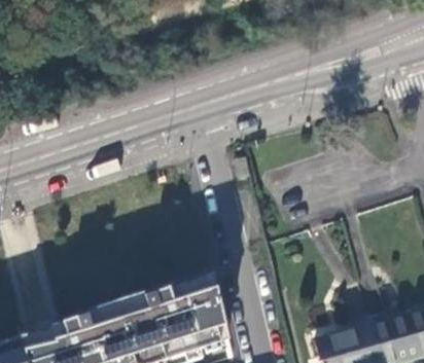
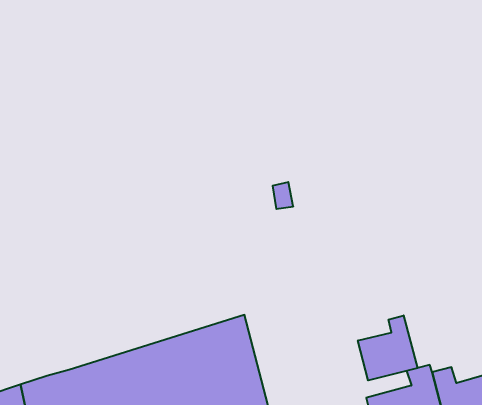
building: none -> [358,315,417,380]

